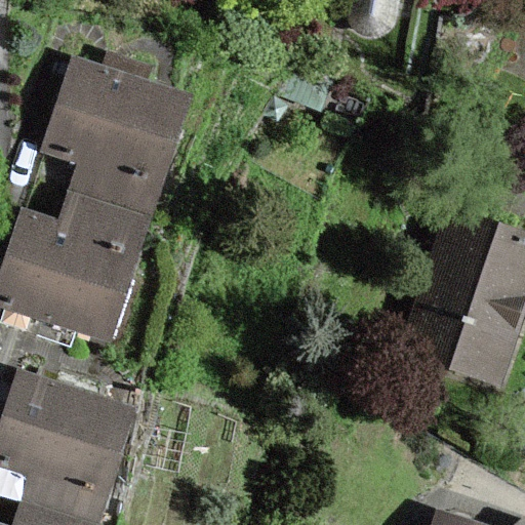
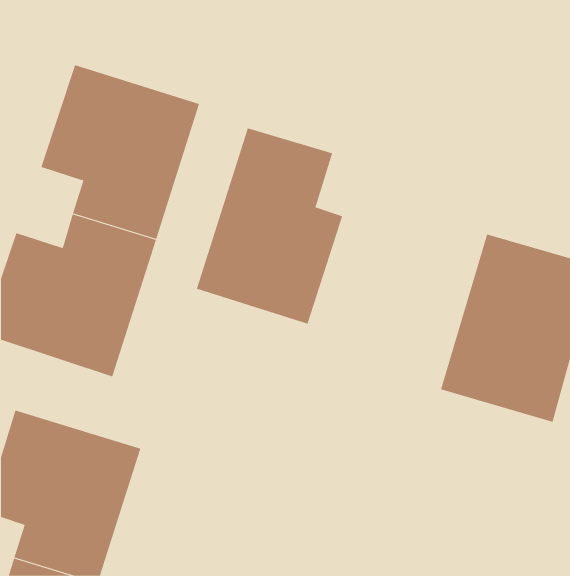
building: none -> [196,127,343,325]

